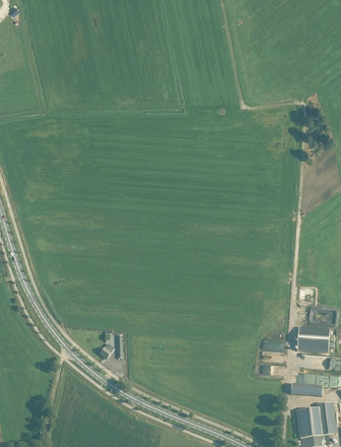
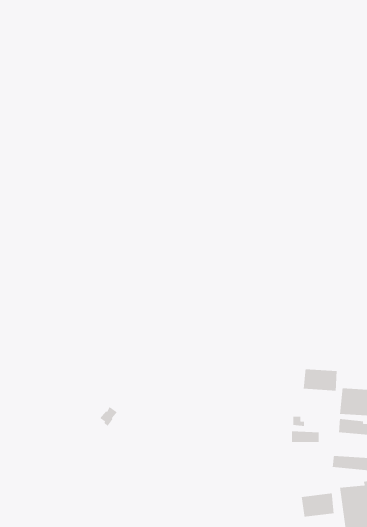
building: none -> [303,369,337,391]
building: none -> [301,493,334,517]

